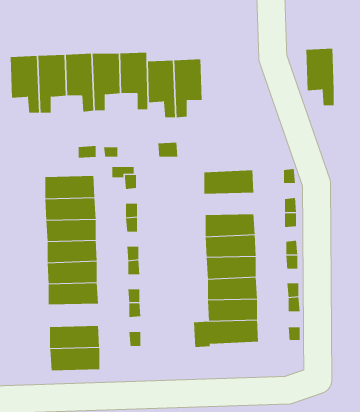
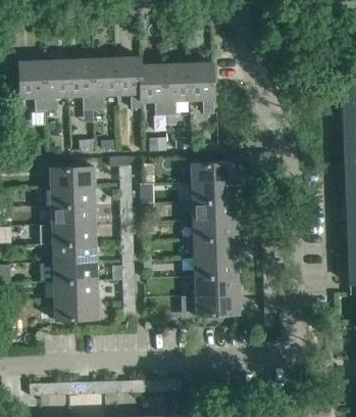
building: [306,48,334,106] -> [188,62,213,113]
building: none -> [190,182,235,201]
building: [50,348,100,371] -> [52,280,97,300]

